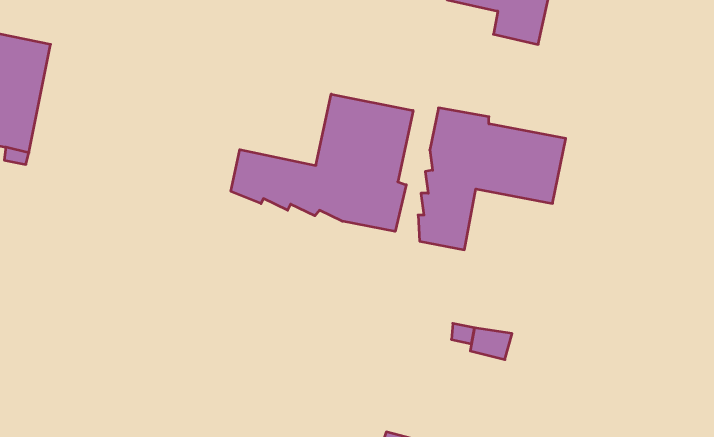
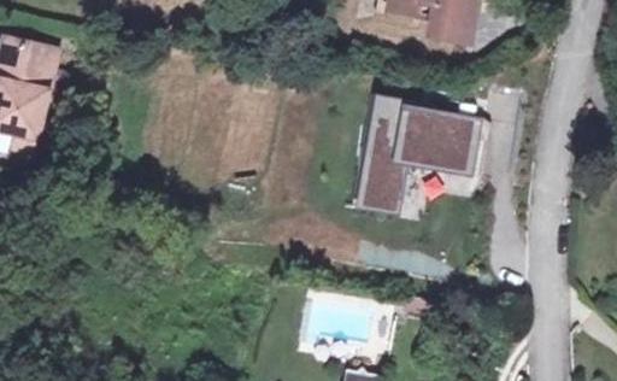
building: [231,94,413,231] -> none

